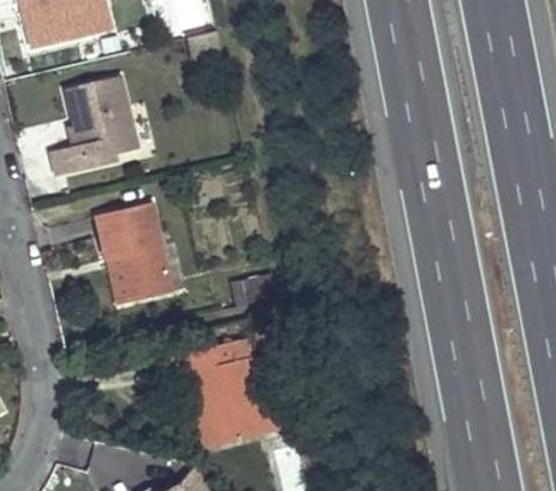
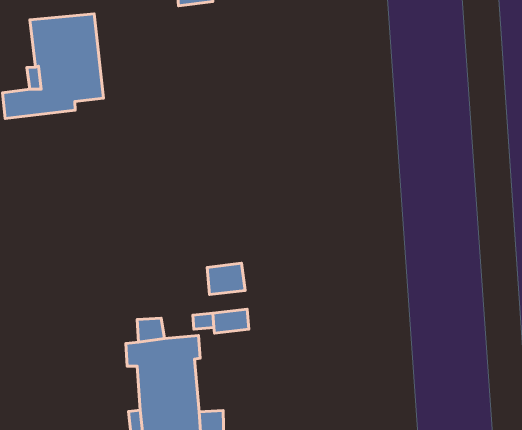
building: [97,201,172,300] -> none

